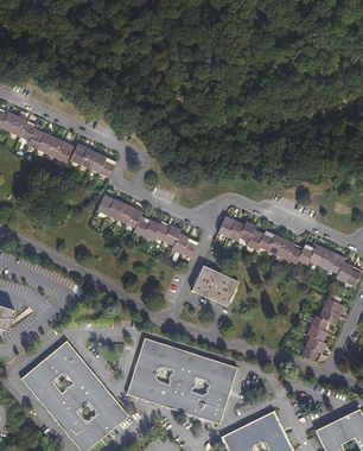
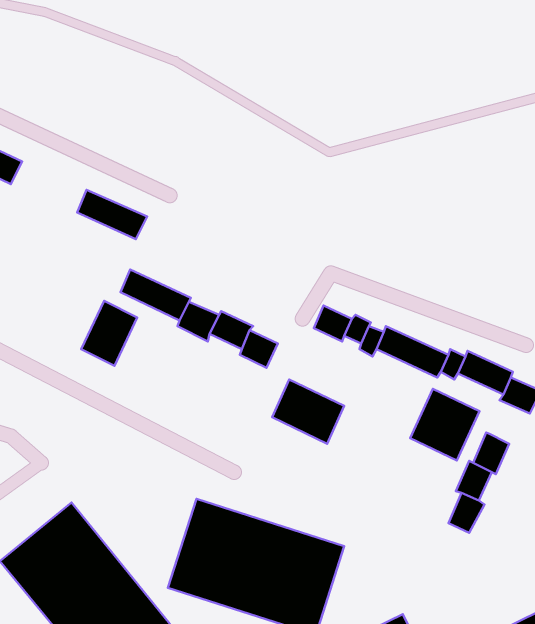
building: [27,129,71,161] -> none
building: none -> [81,301,137,366]
building: none -> [410,389,479,461]

